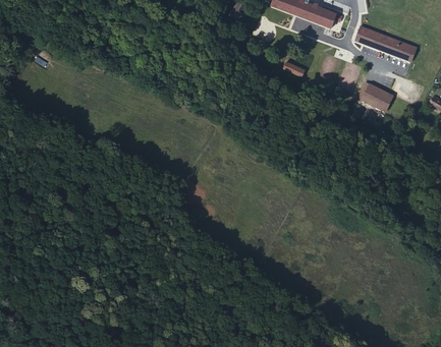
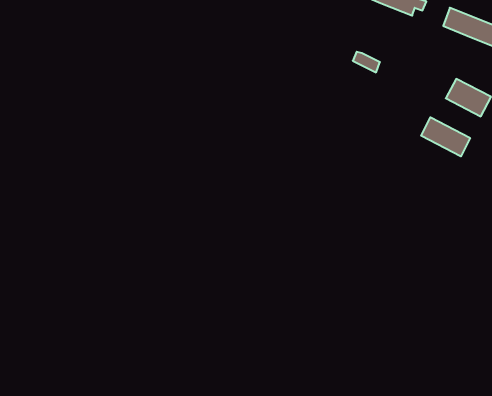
building: none -> [421,117,470,156]

